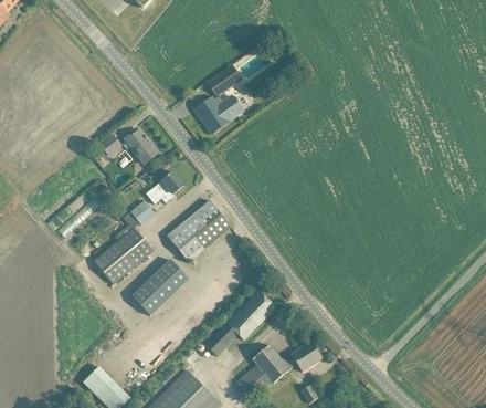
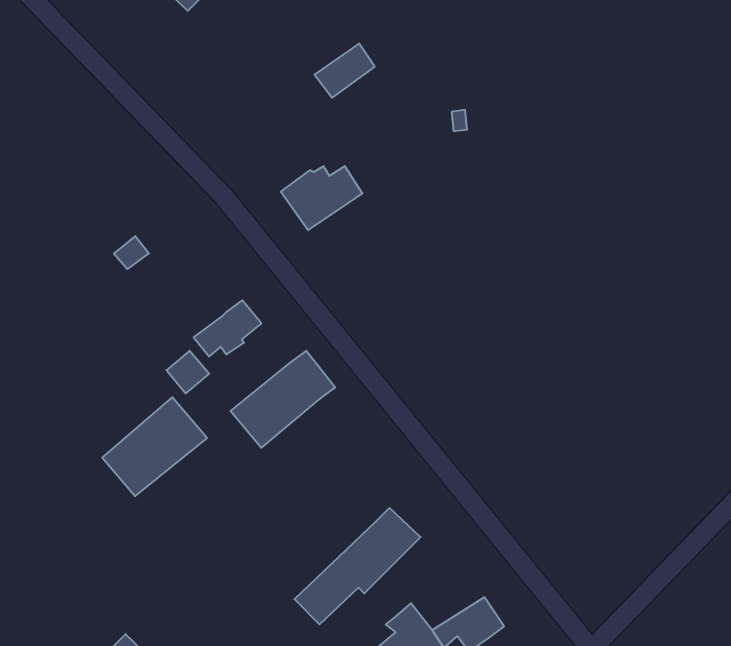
building: [207,65,241,96] -> [315,43,375,98]
building: [125,130,157,165] -> none
building: [134,257,191,313] -> none

